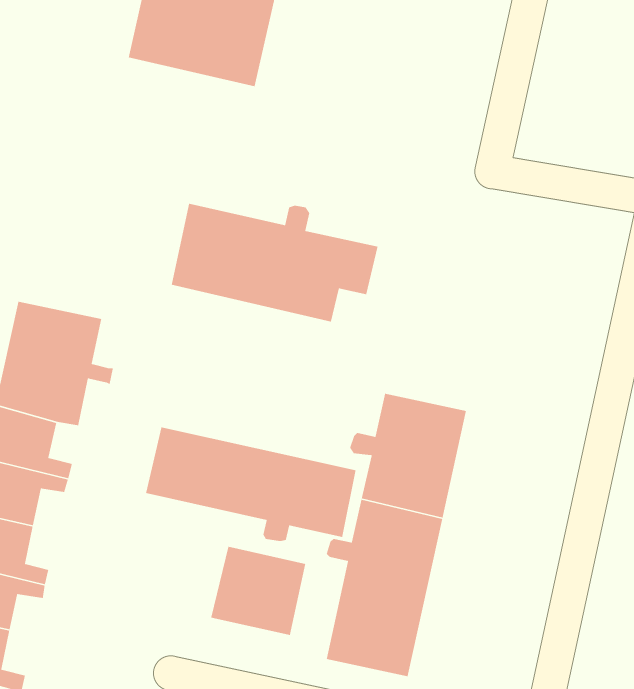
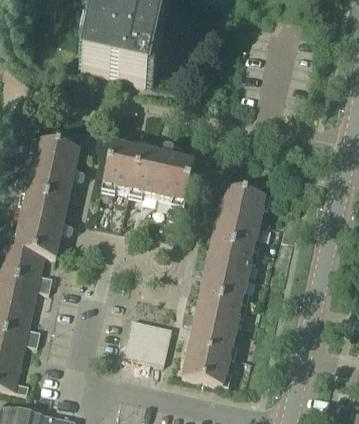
building: none -> [25,127,85,203]
building: none -> [206,168,266,250]
building: [145,426,356,542] -> none

